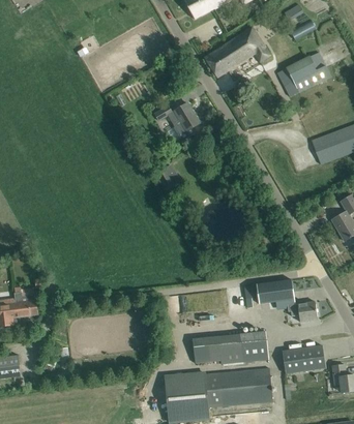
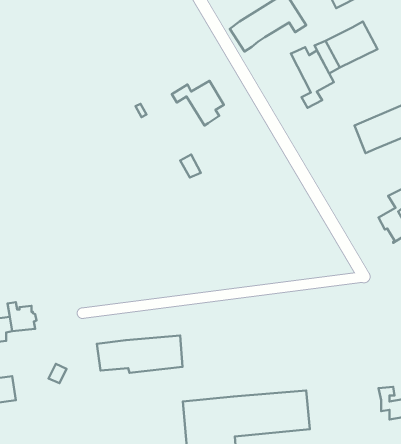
building: none -> [291,47,334,108]
building: [243,279,317,322] -> none
building: [194,331,267,363] -> [97,335,183,373]
building: [282,345,325,373] -> none

